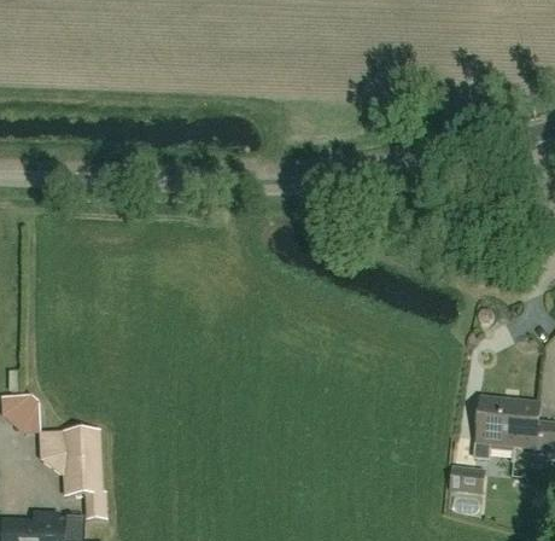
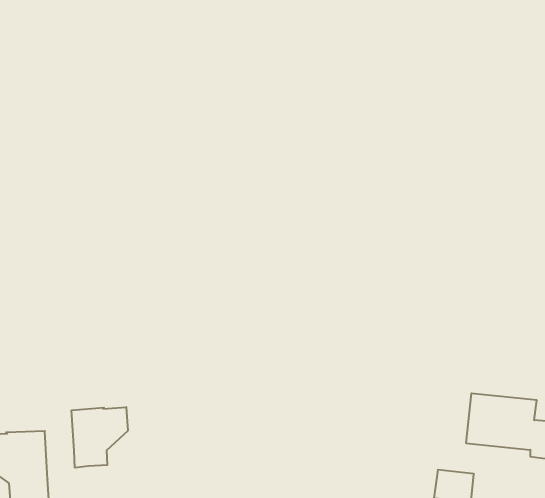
building: none -> [72,407,128,468]

